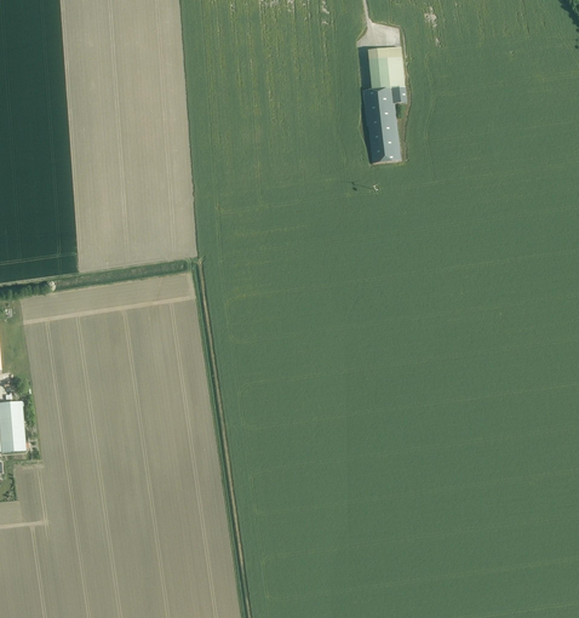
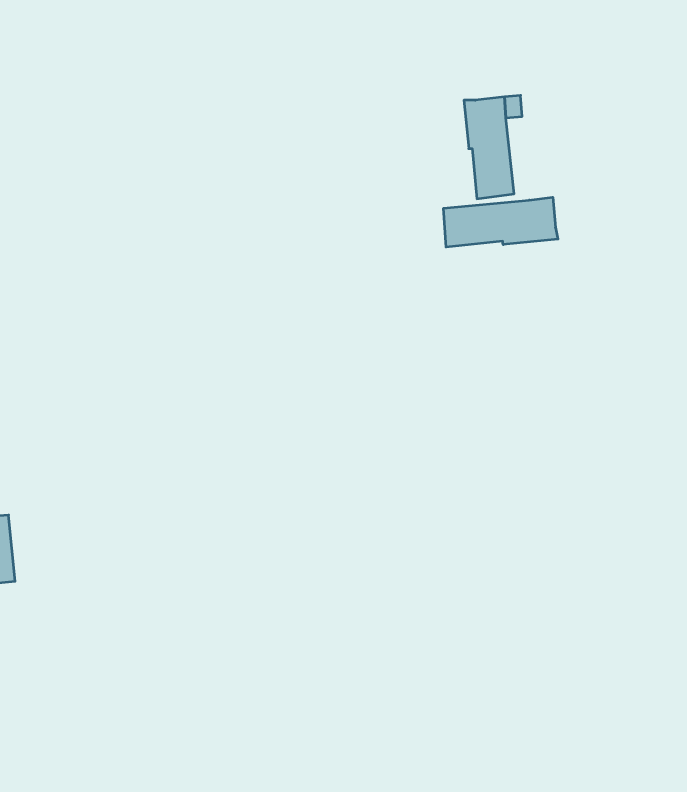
building: none -> [444,197,558,247]

